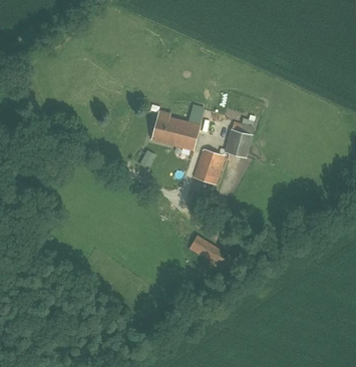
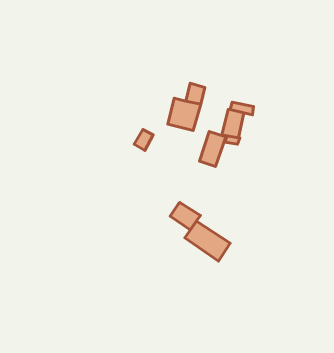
building: [152,109,176,143] -> none
building: none -> [170,203,200,230]

